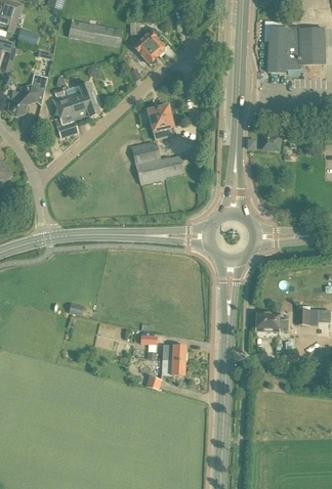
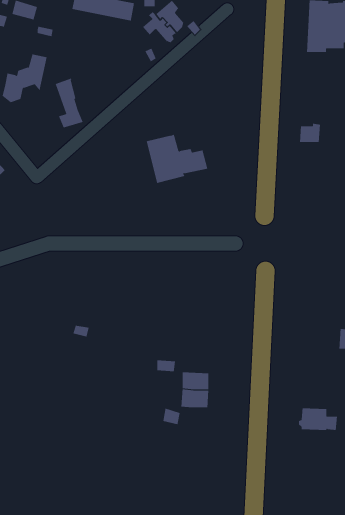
building: [68,83,99,122] -> none
building: [148,105,175,140] -> none
building: [255,312,289,331] -> [298,408,338,431]

